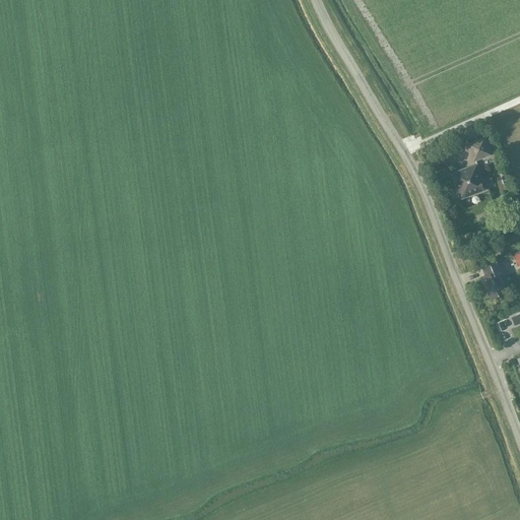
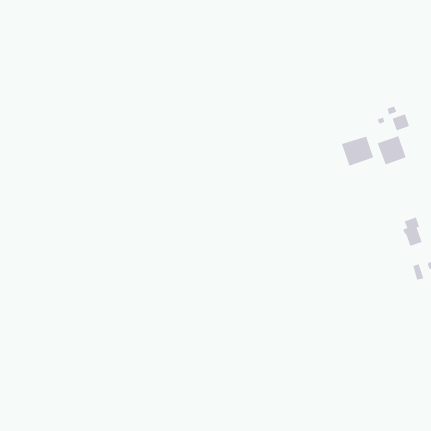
building: none -> [341,136,374,166]

